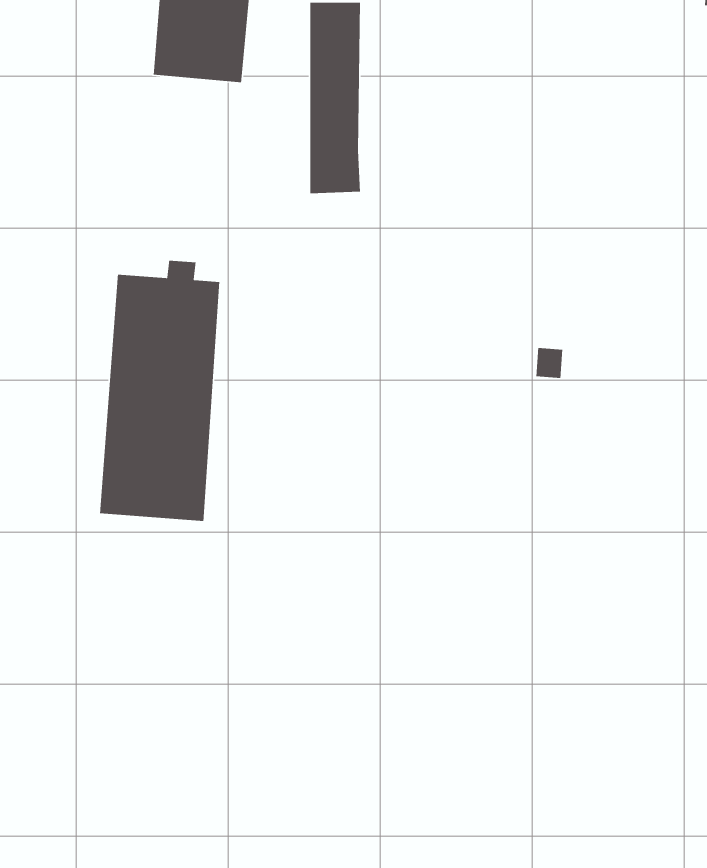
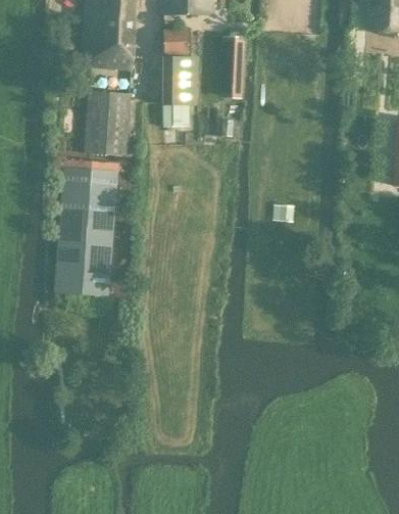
building: none -> [223,38,243,96]
building: none -> [85,89,131,153]

